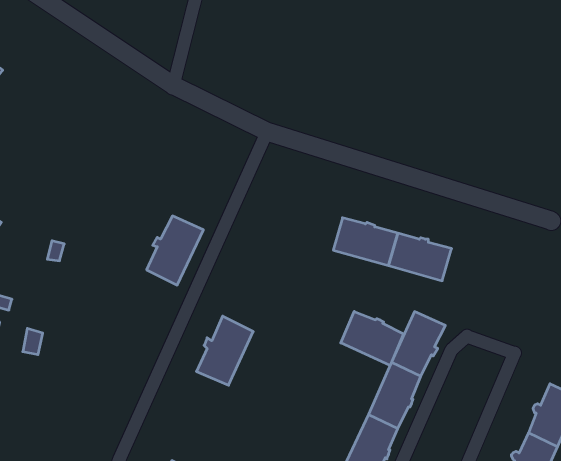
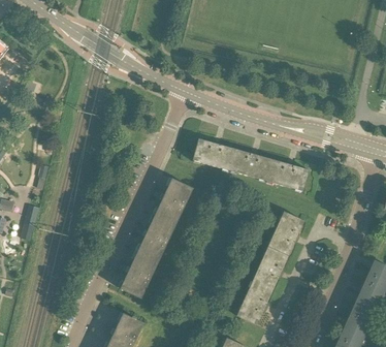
building: none -> [192,138,234,170]
building: [147,216,203,285] -> [154,179,192,225]
building: [341,311,404,365] -> none
building: none -> [119,252,158,298]

